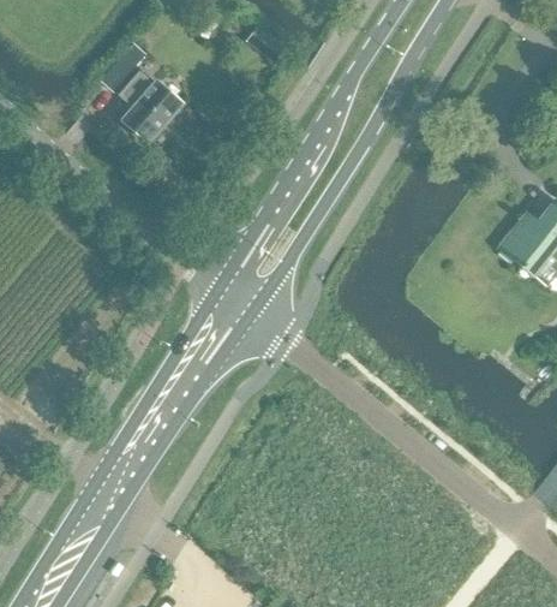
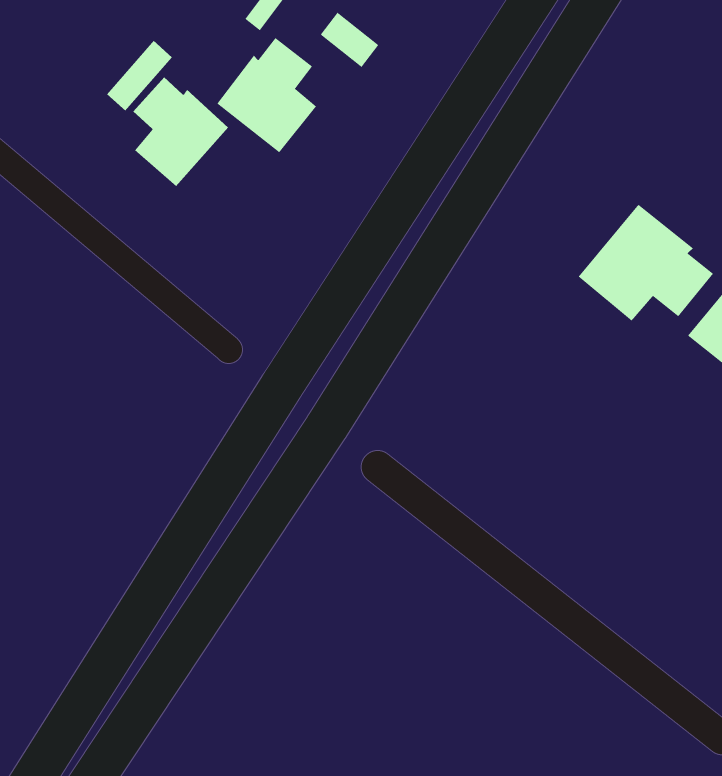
building: none -> [217,37,317,153]
building: none -> [578,204,714,321]

